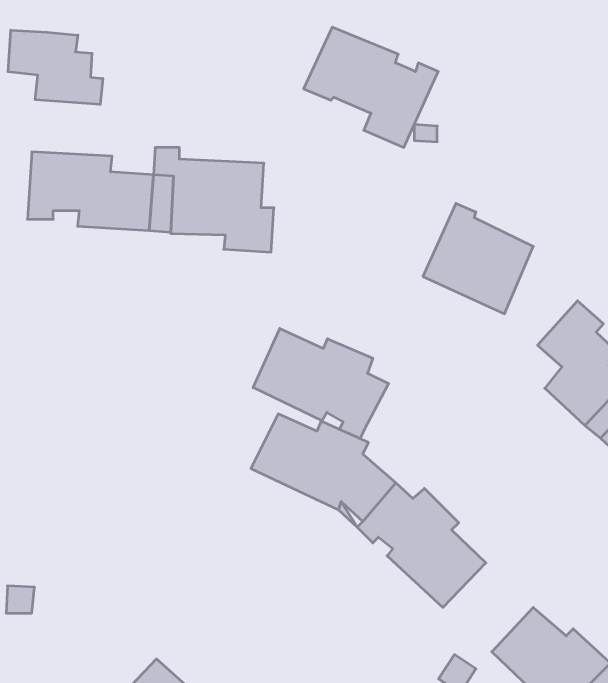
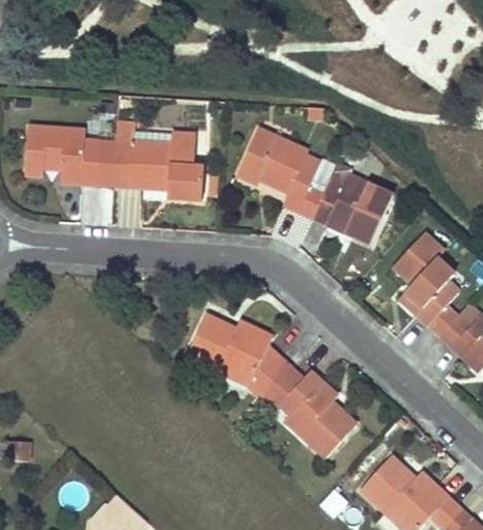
building: [304,27,438,147] -> [238,130,336,217]
building: [8,30,103,104] -> none
building: [253,328,389,438] -> none

